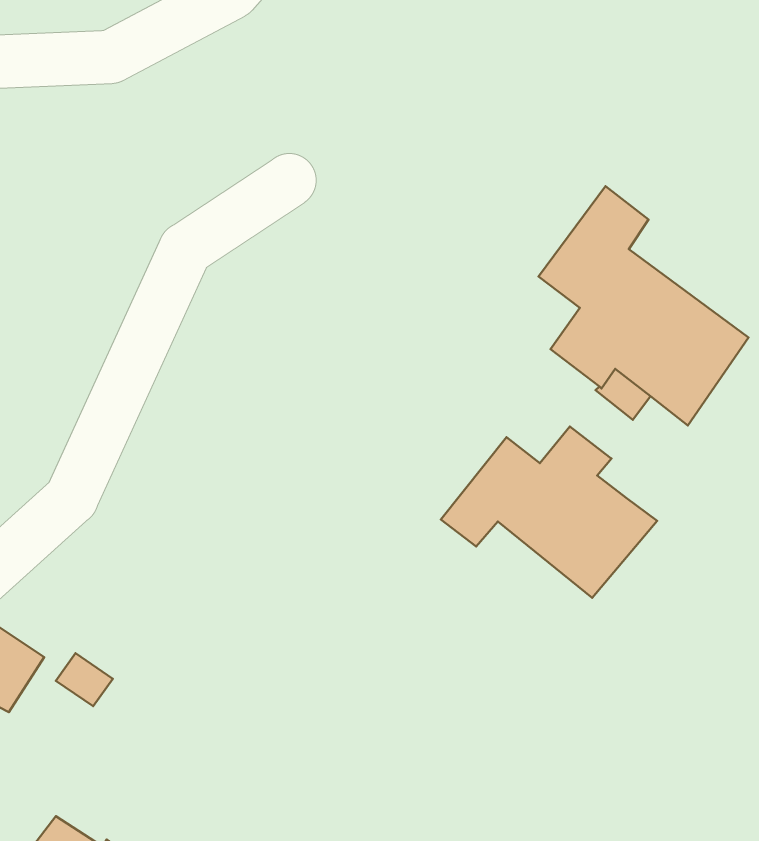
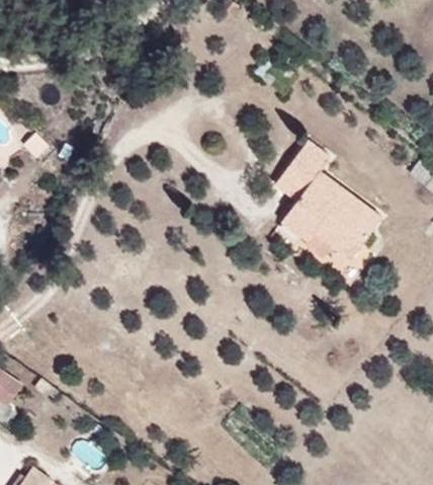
building: [441,426,657,598] -> none

